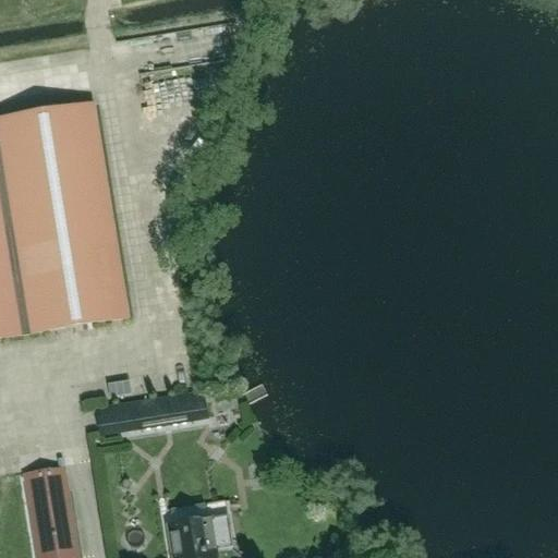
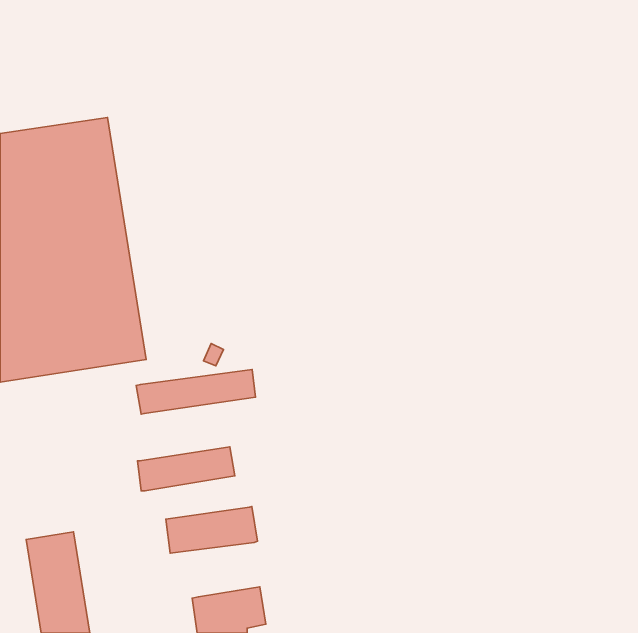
building: none -> [136,369,255,414]
building: none -> [166,507,258,553]

